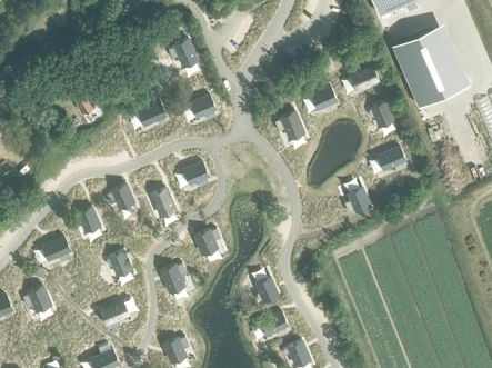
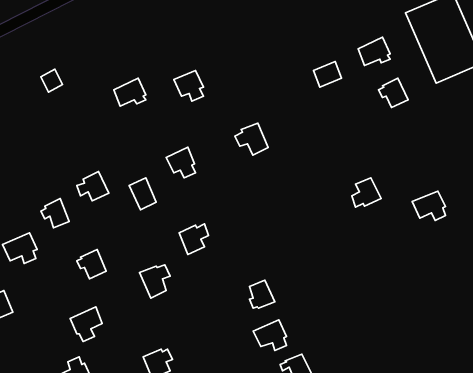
building: [168,39,197,67] -> none
building: [274,111,303,139] -> [235,123,268,155]
building: [376,147,405,172] -> [412,191,445,221]

